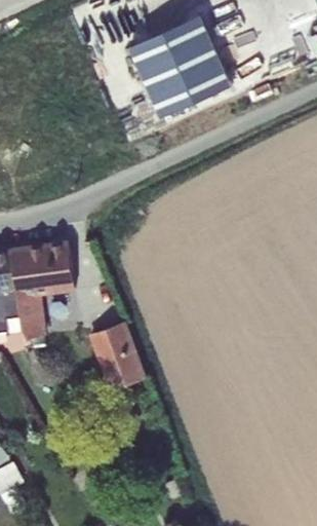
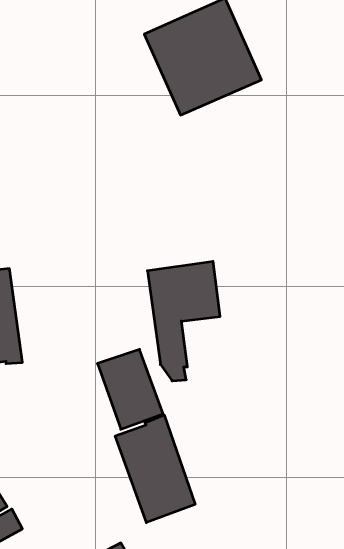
building: [10,242,74,347] -> [147,261,220,381]
building: none -> [115,415,195,523]

